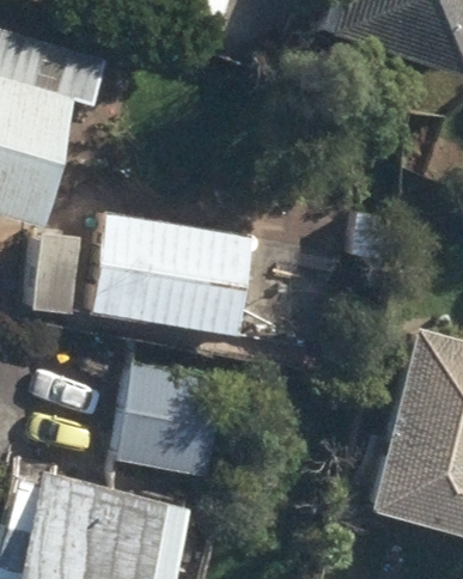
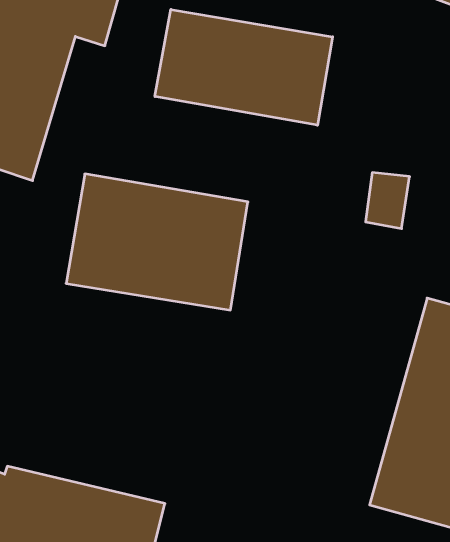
building: none -> [155,9,333,125]
building: [112,365,218,473] -> none

